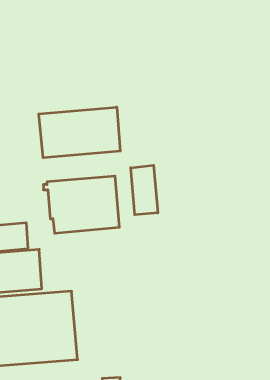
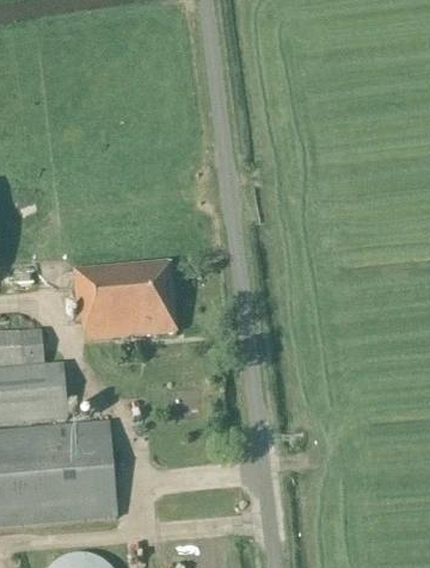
building: [39,107,120,158] -> none
building: [131,165,158,215] -> none

